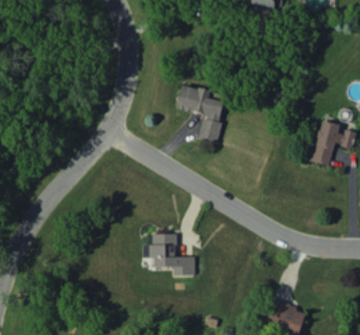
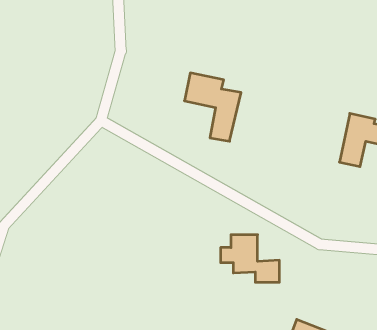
building: [143,234,195,275] -> [221,235,279,282]

